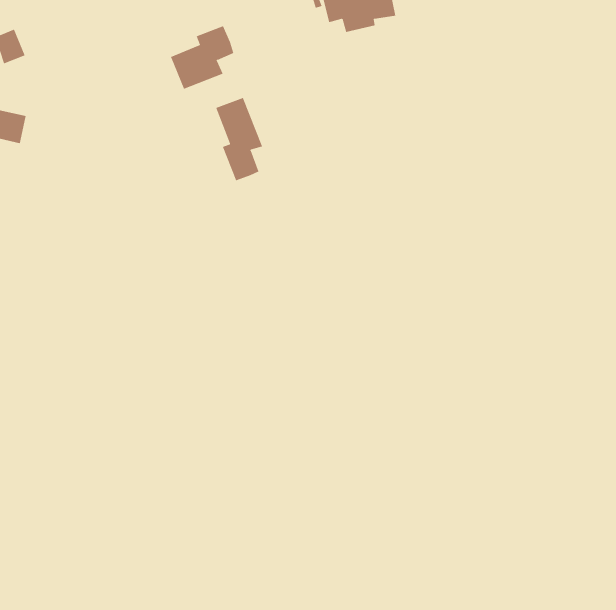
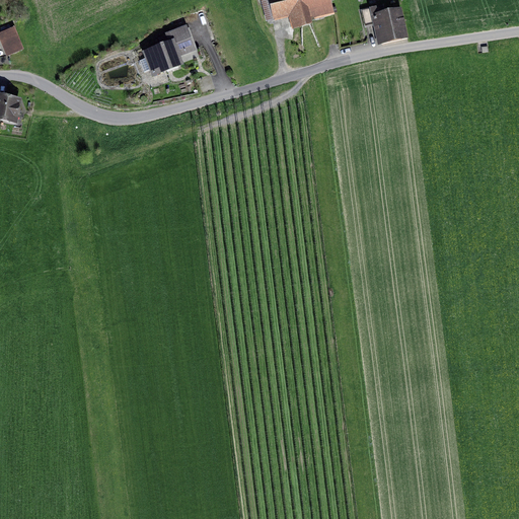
building: none -> [374,6,406,41]
building: [216,97,263,181] -> none

